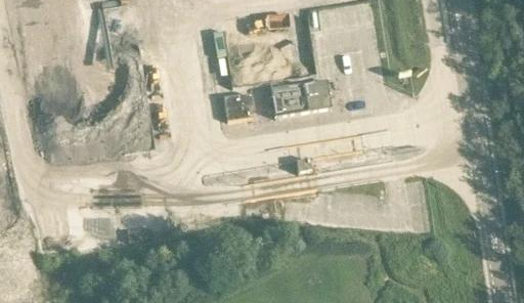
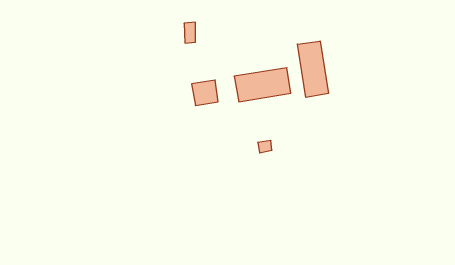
building: none -> [297,41,328,97]

